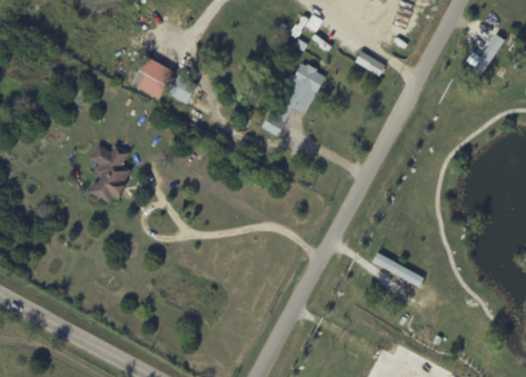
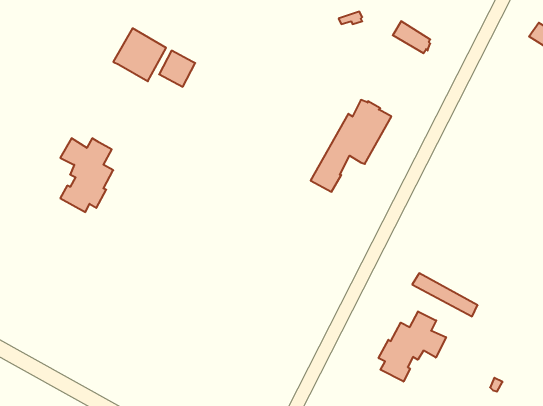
building: [261,63,326,137] -> [311,100,391,192]
building: none -> [379,311,446,382]

